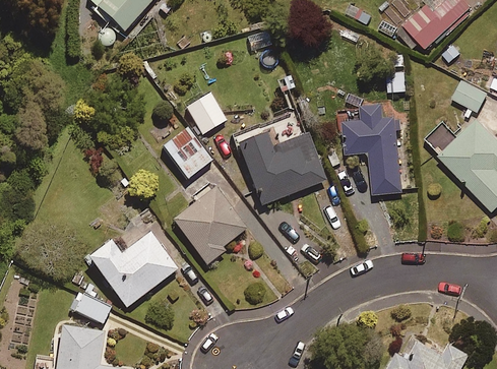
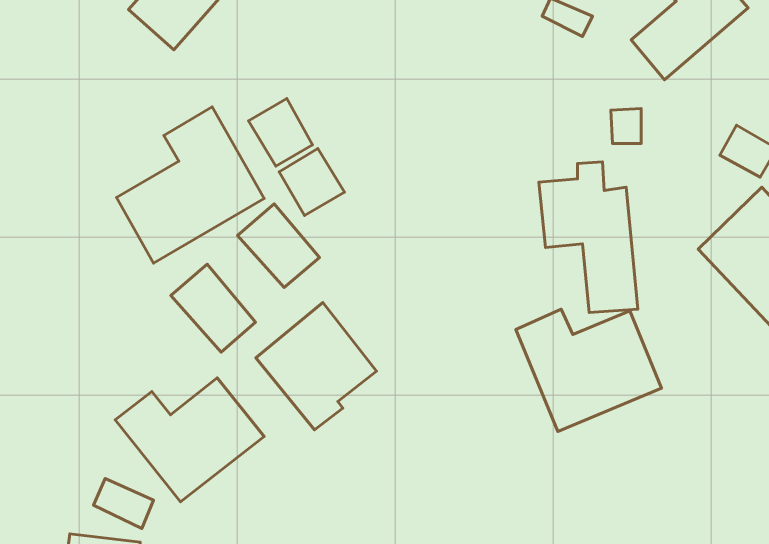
building: none -> [249,99,312,166]
building: none -> [117,107,264,263]
building: [238,131,326,205] -> [516,309,662,432]
building: none -> [171,264,255,352]

